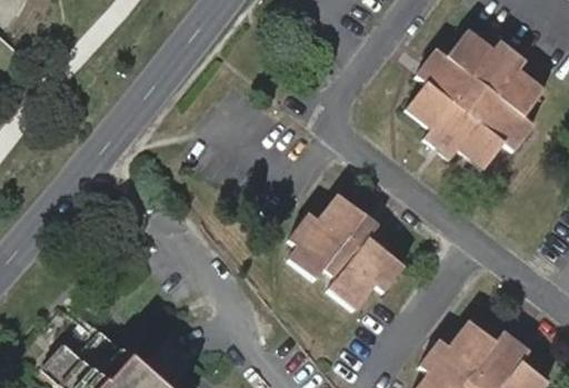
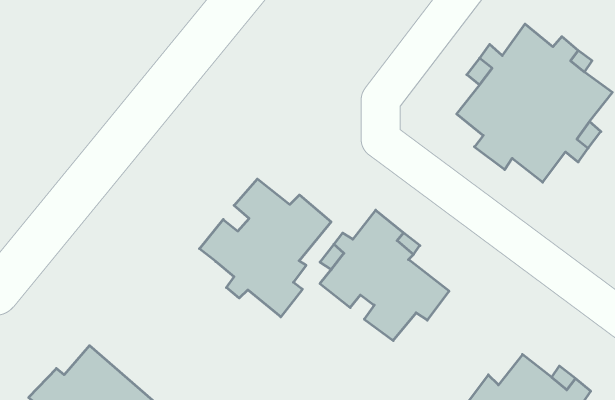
building: none -> [199,179,331,317]

